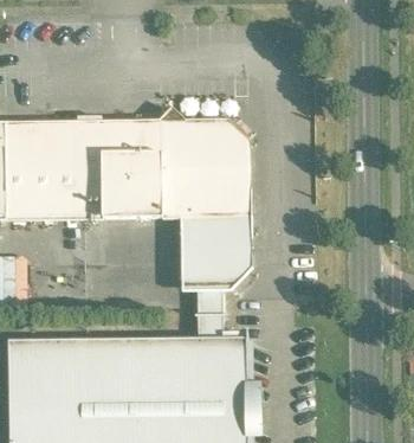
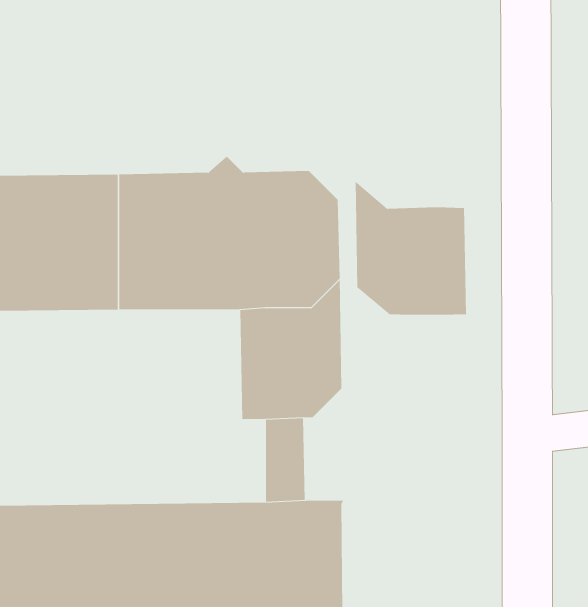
building: none -> [355,181,466,315]

